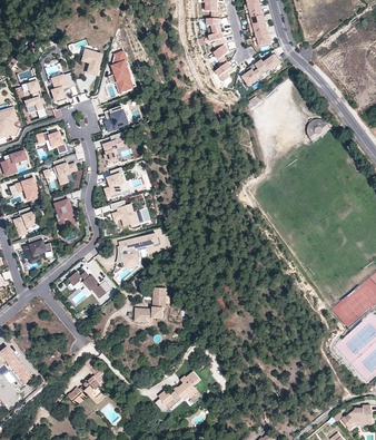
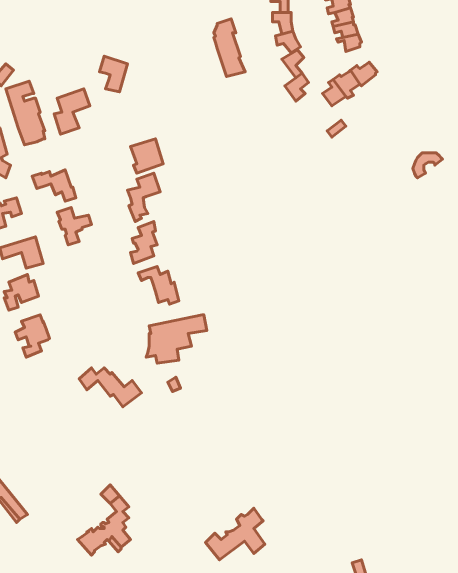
building: [112,52,135,94] -> [214,19,245,77]
building: [52,194,77,227] -> none
building: [135,289,166,321] -> none

